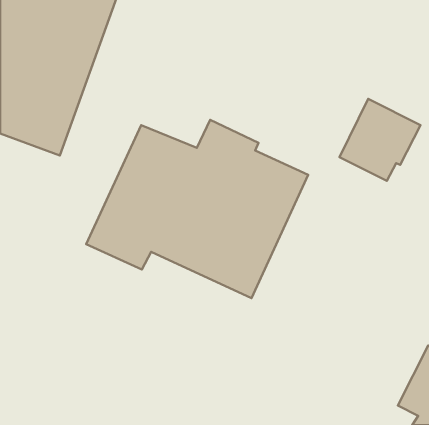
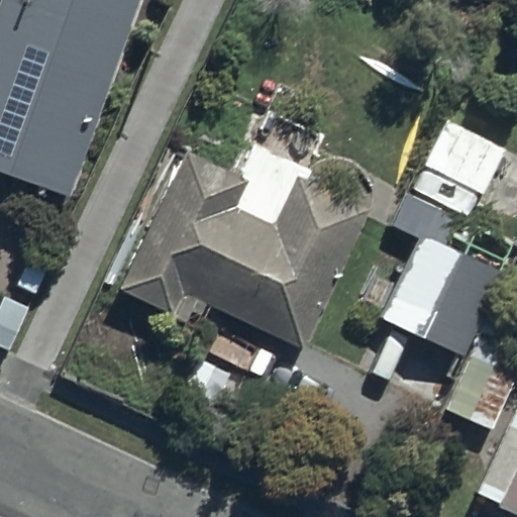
building: none -> [377,234,501,356]

